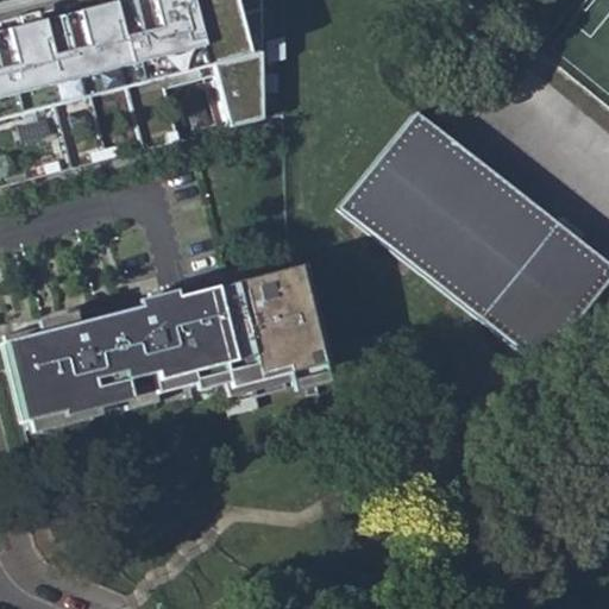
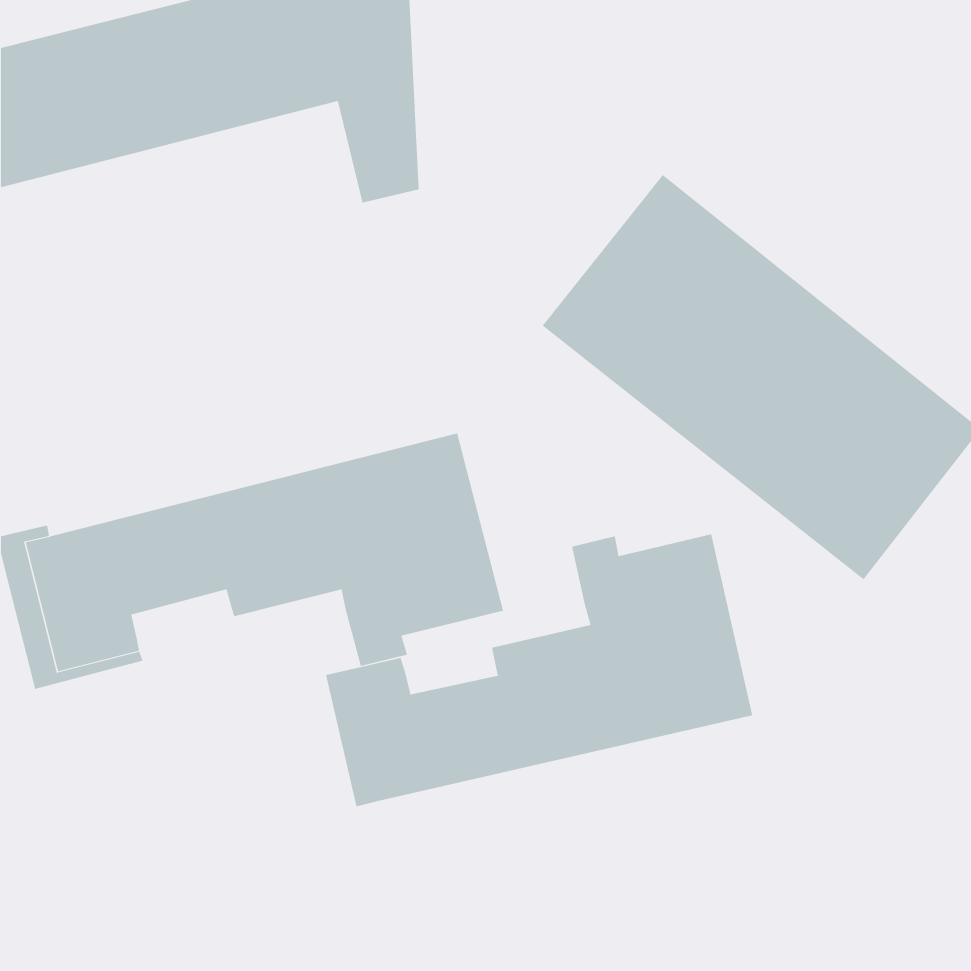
building: none -> [325,533,753,807]
building: [87,366,219,409] -> none

